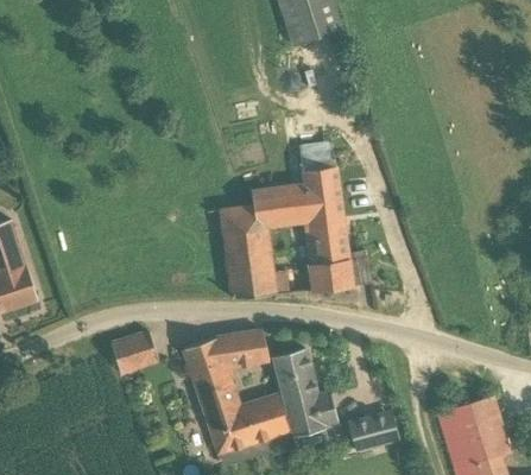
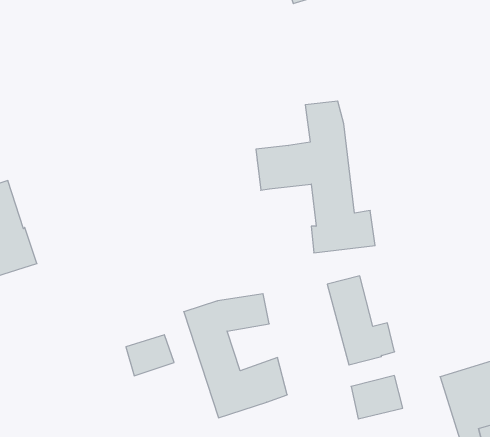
building: [203,200,289,298] -> none
building: [110,332,158,373] -> [126,335,174,376]
building: [272,349,339,437] -> [327,276,395,365]

